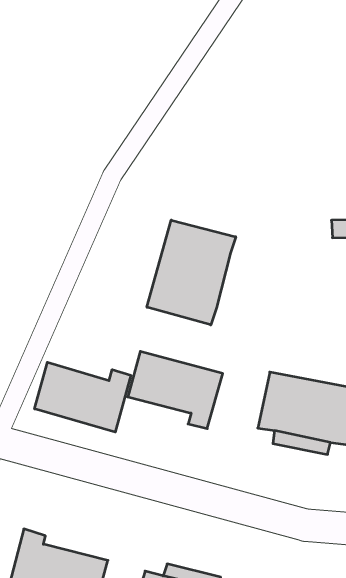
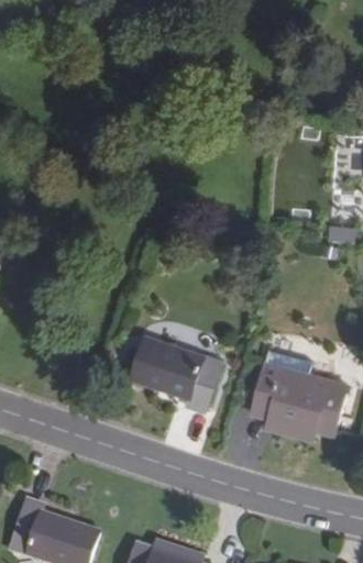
building: [147,220,236,325] -> none
building: [35,362,131,432] -> none

